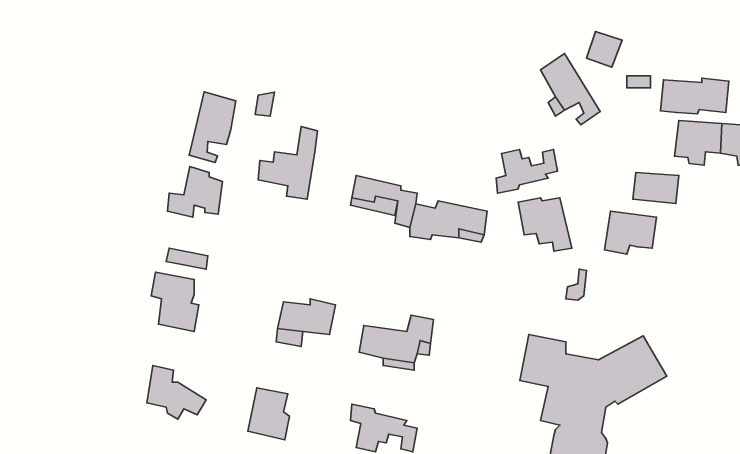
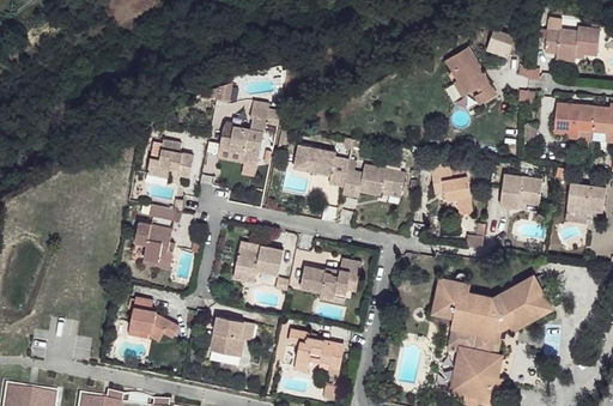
building: [660,78,729,114] -> [542,26,597,55]
building: [189,92,236,163] -> none
building: [496,149,558,193] -> none
building: [633,172,679,204] -> [565,183,602,208]

